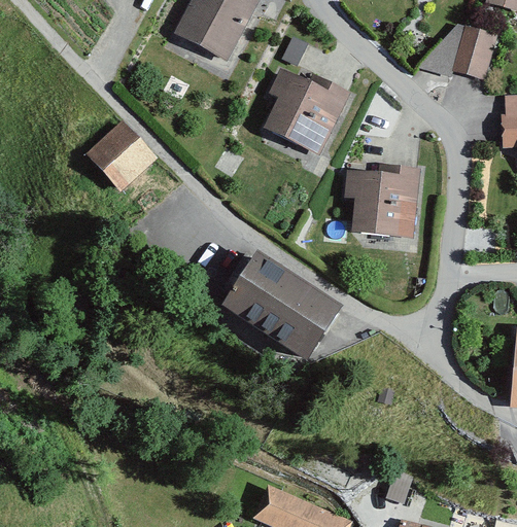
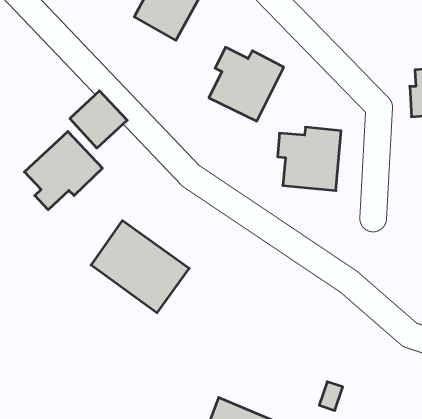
building: [418,26,495,80] -> none
building: none -> [24,131,102,210]
building: [229,251,345,360] -> [91,221,189,313]

